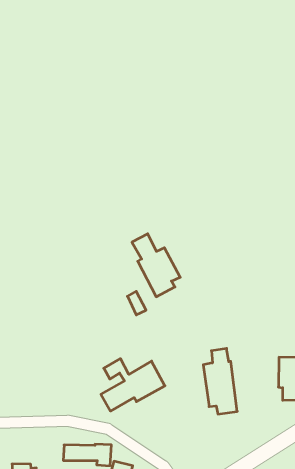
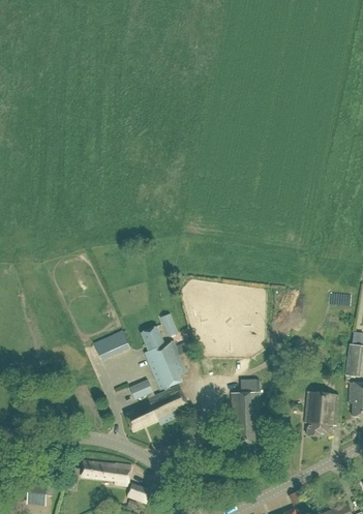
building: [132,234,180,297] -> [141,326,186,390]
building: none -> [94,330,130,360]

